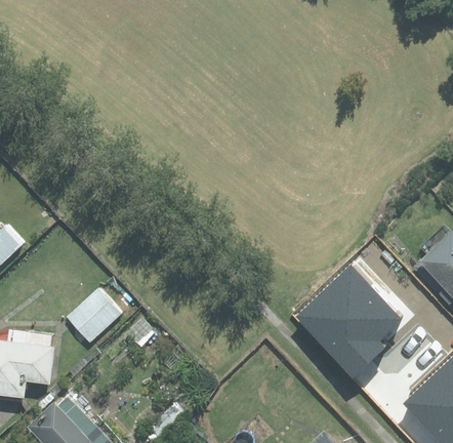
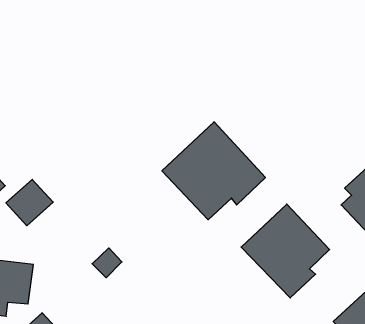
building: none -> [162,122,265,220]
building: [66,291,121,346] -> [6,179,53,226]

